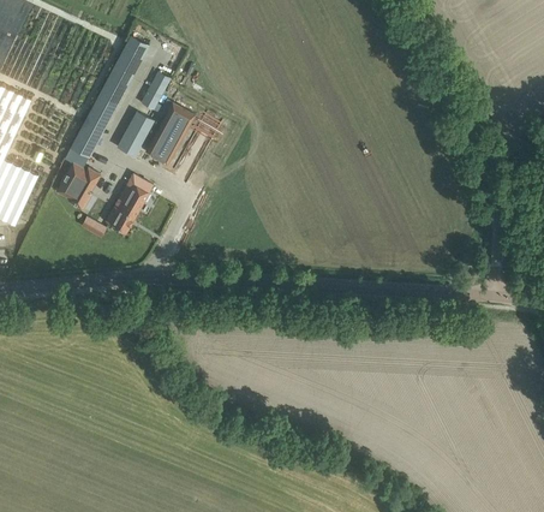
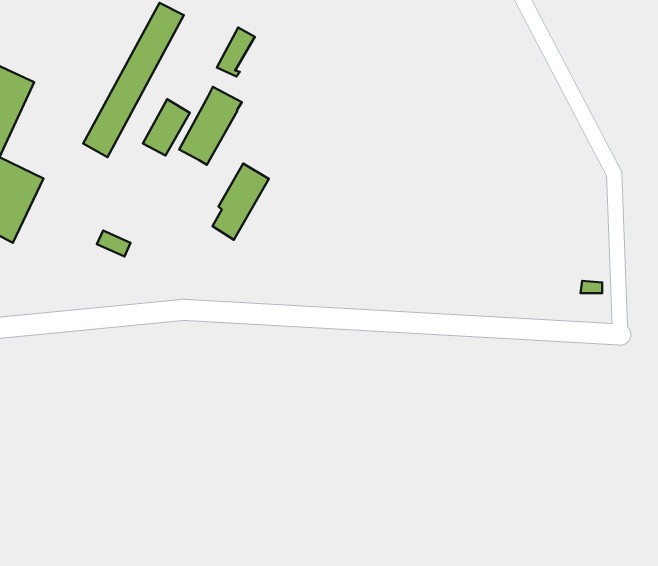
building: [139,72,169,111] -> [217,28,255,77]
building: [55,162,98,208] -> none
building: [107,173,151,233] -> [213,164,269,240]

